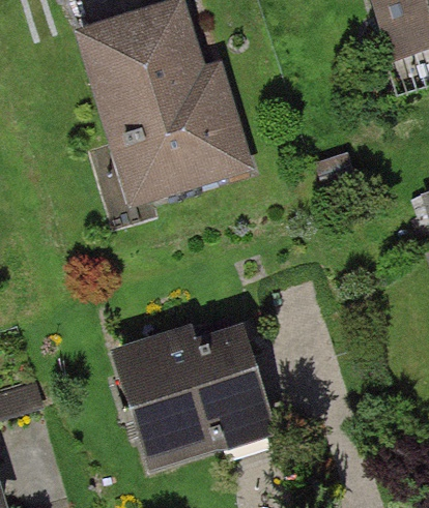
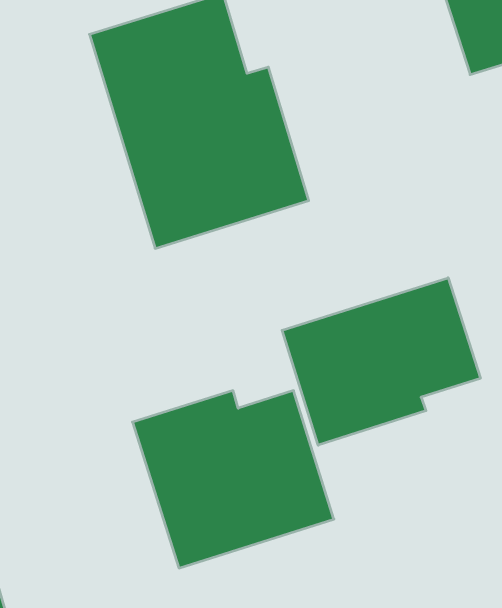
building: none -> [282,278,480,445]

